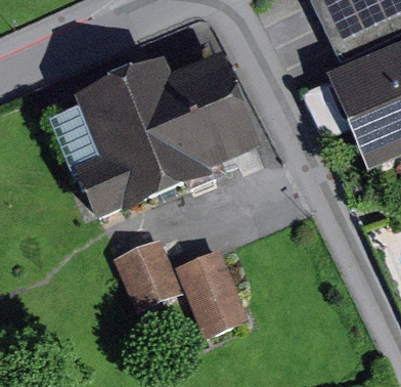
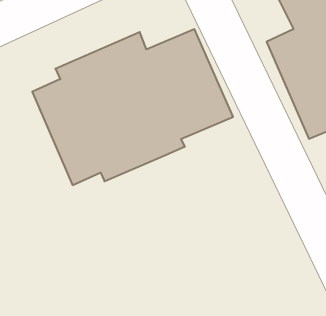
building: [120,232,260,338] -> none

